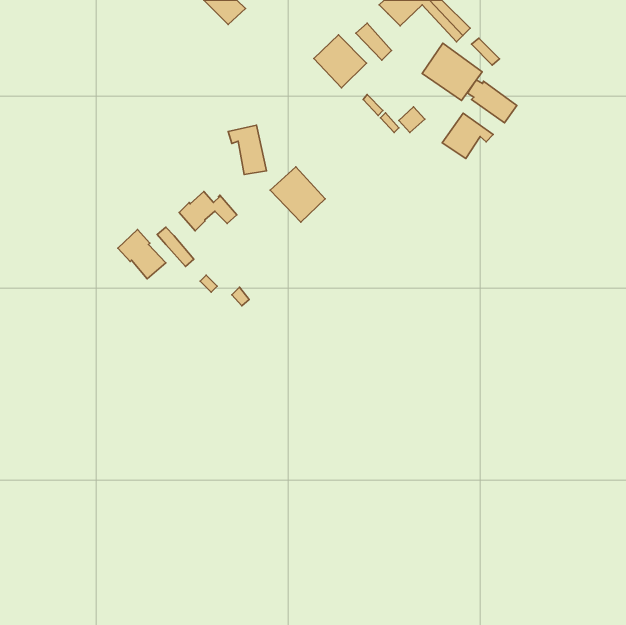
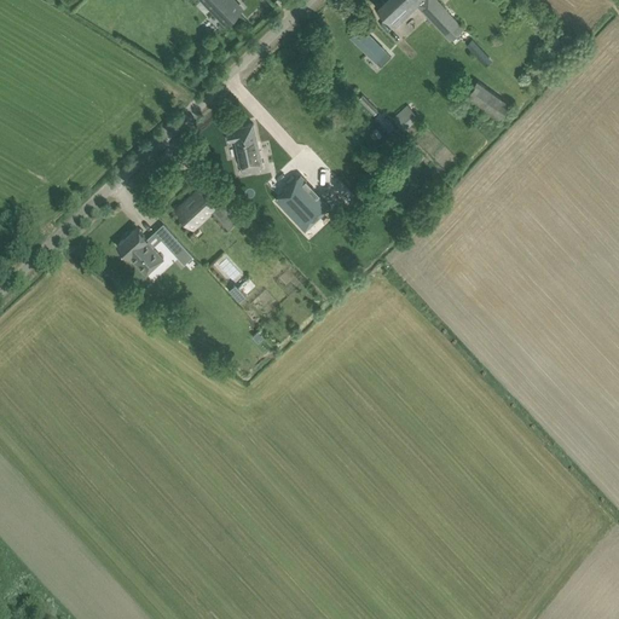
building: [314,35,366,88] -> none
building: [422,43,482,101] -> none
building: [442,113,493,159] -> none

